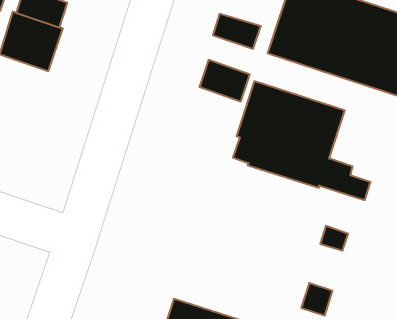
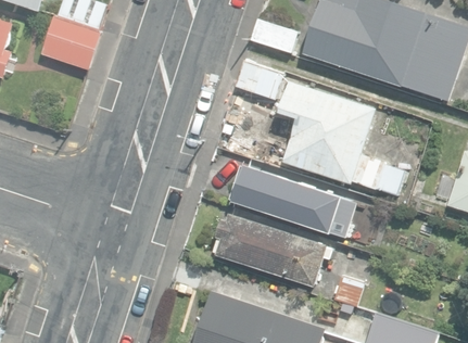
building: none -> [228,163,349,238]
building: none -> [212,214,331,287]

